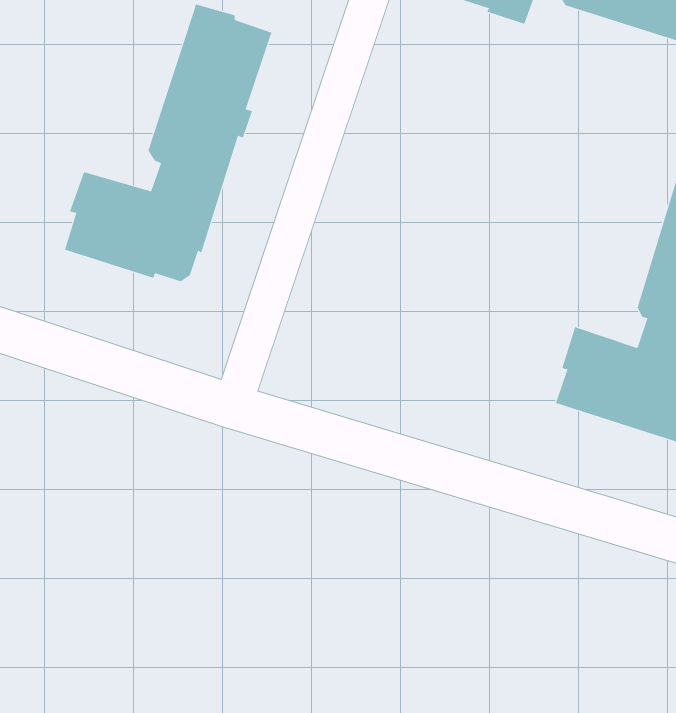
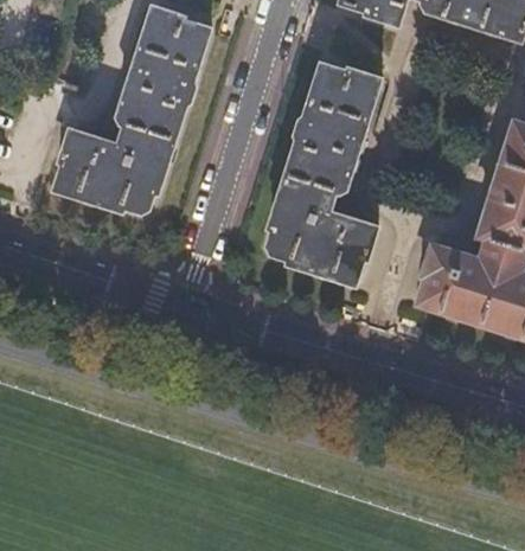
building: none -> [267,64,378,286]

